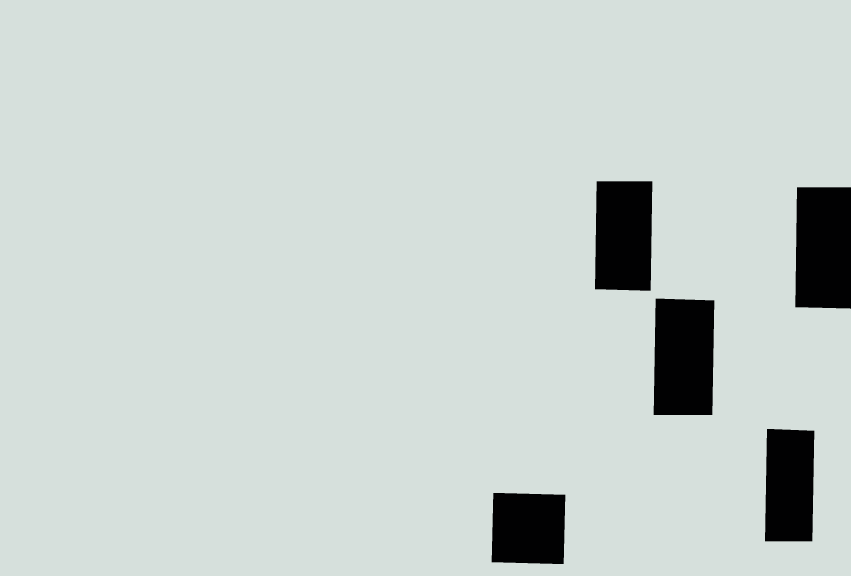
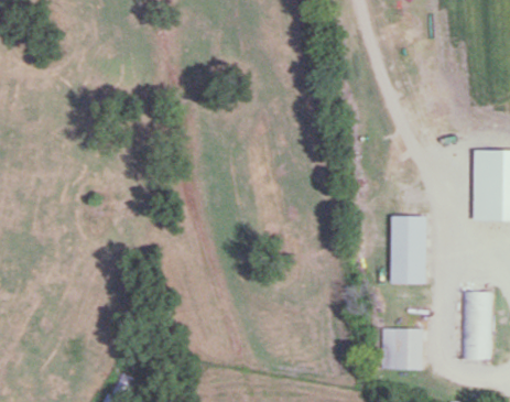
building: [595,181,653,292] -> none
building: [491,493,566,564] -> [379,327,423,369]

